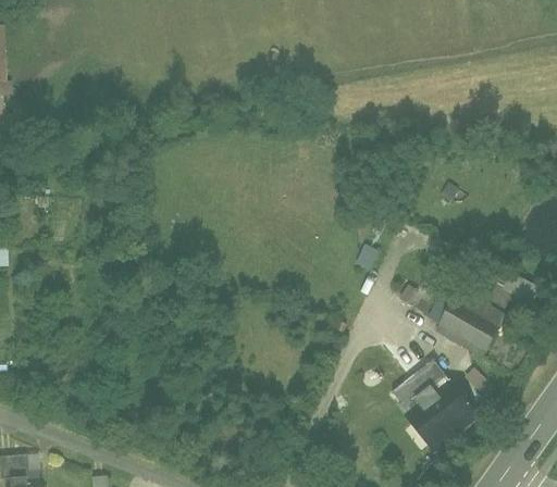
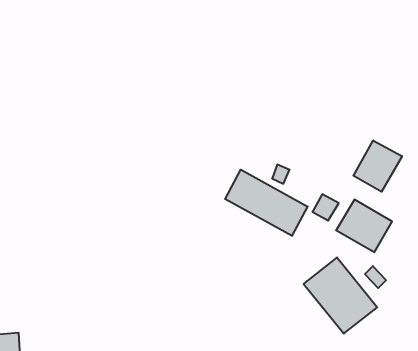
building: none -> [353,140,402,192]
building: none -> [225,170,308,236]

